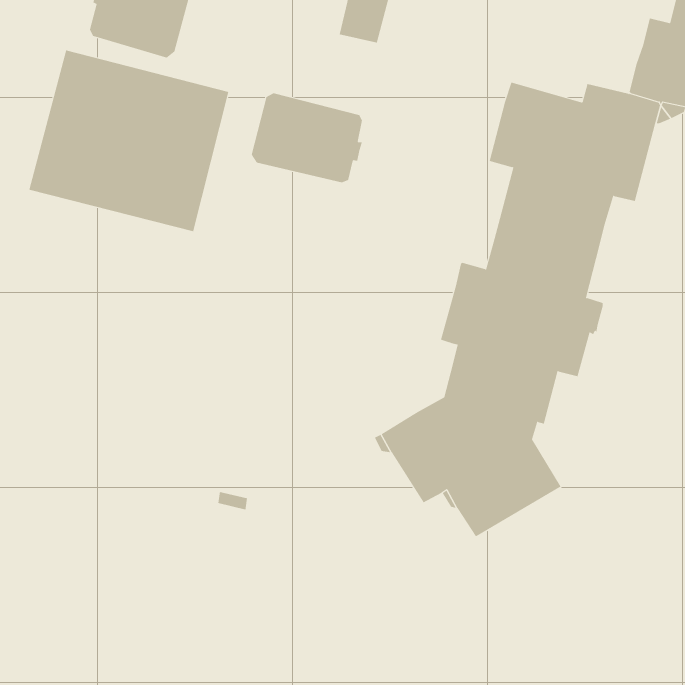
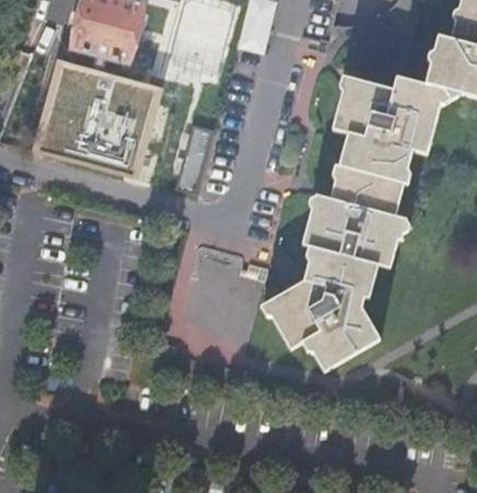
building: [251,93,362,183] -> none

